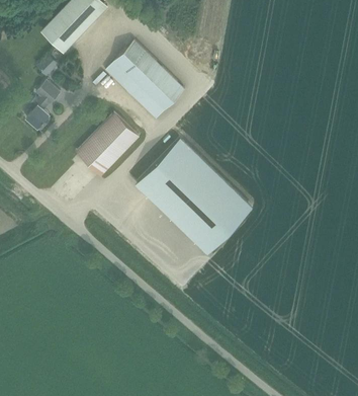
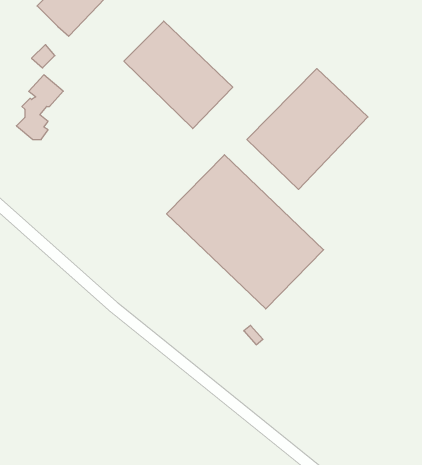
building: none -> [247,69,368,189]
building: [77,113,139,175] -> none

